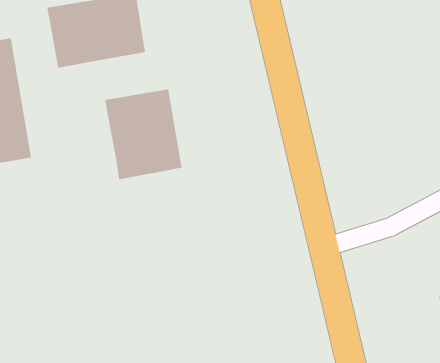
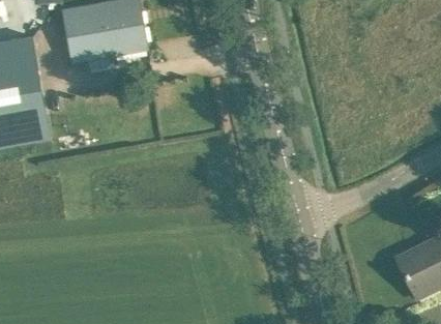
building: [105,89,182,180] -> none

